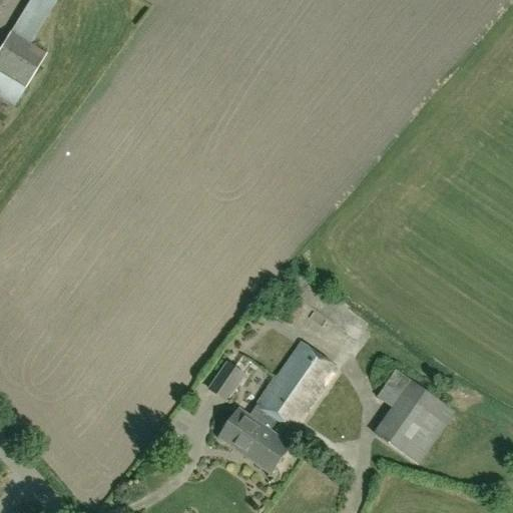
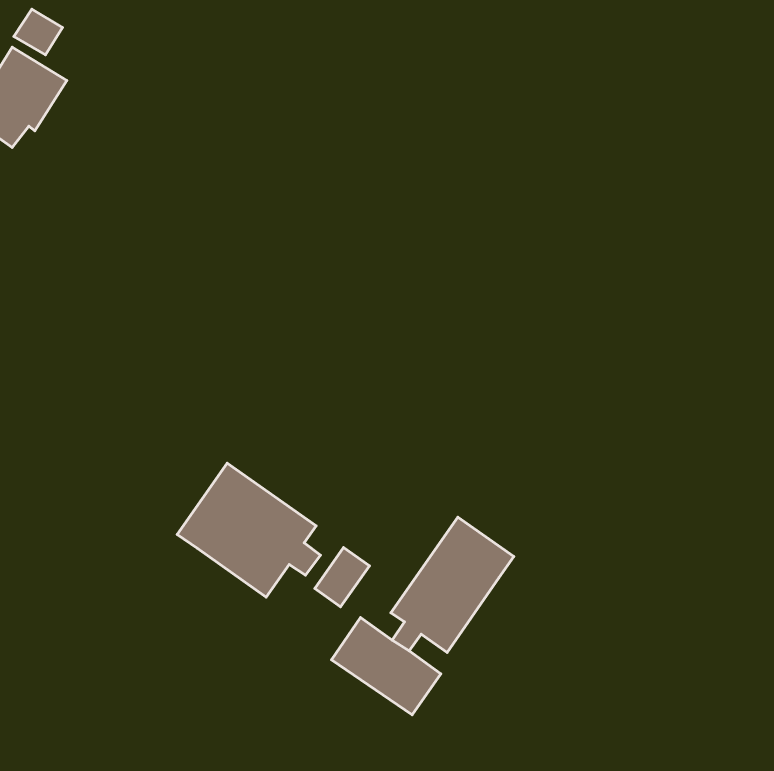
building: none -> [177,463,320,597]
building: [373,368,455,462] -> none

